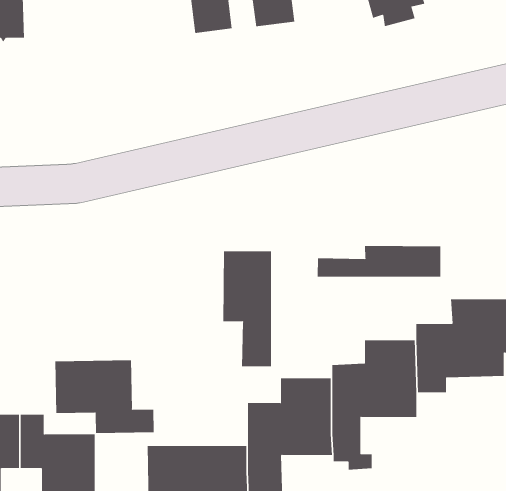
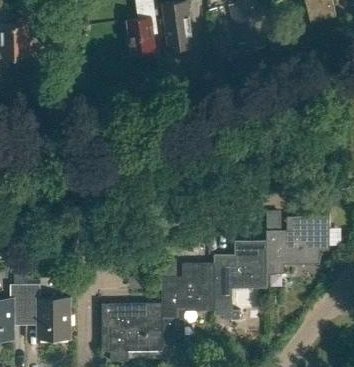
building: [317,245,441,278] -> none
building: [223,250,272,367] -> none
building: [55,359,154,434] -> none

